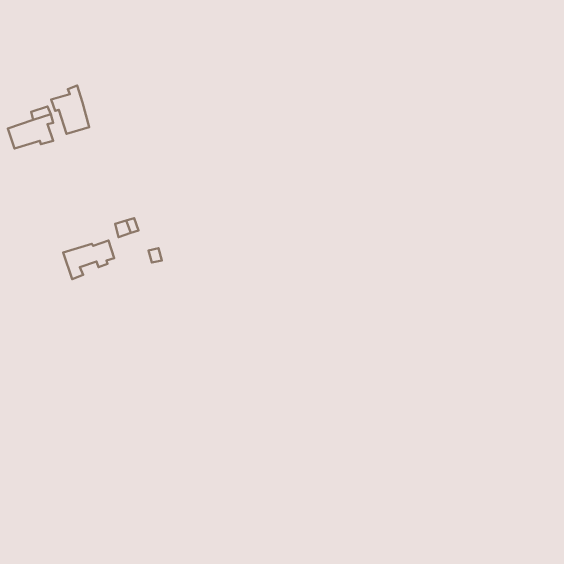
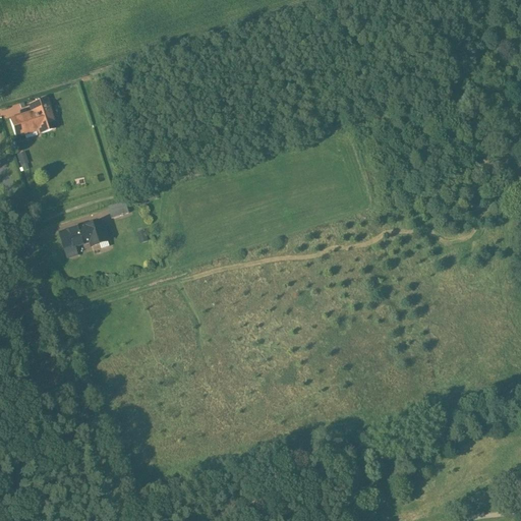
building: [51,86,89,134] -> none

